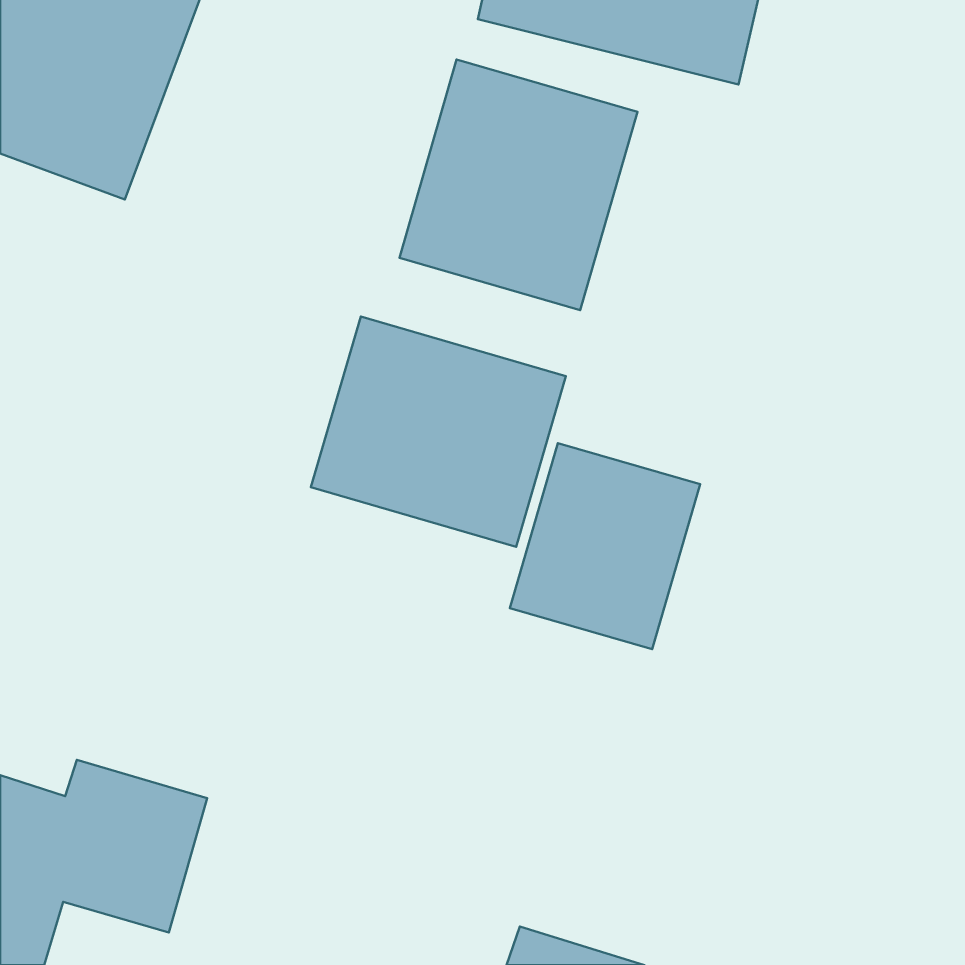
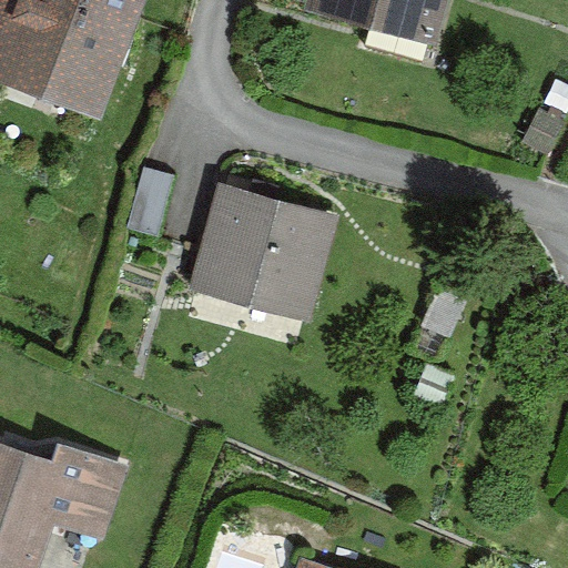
building: [399,59,637,310] -> none
building: [510,443,700,649] -> none

